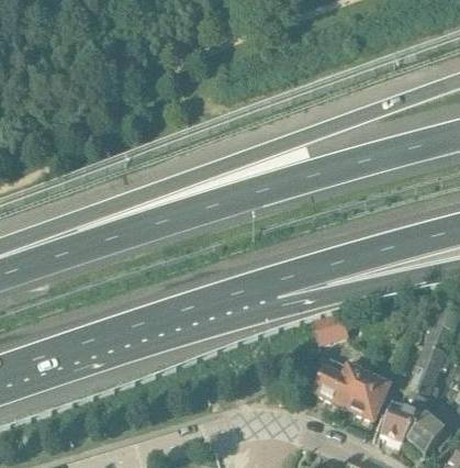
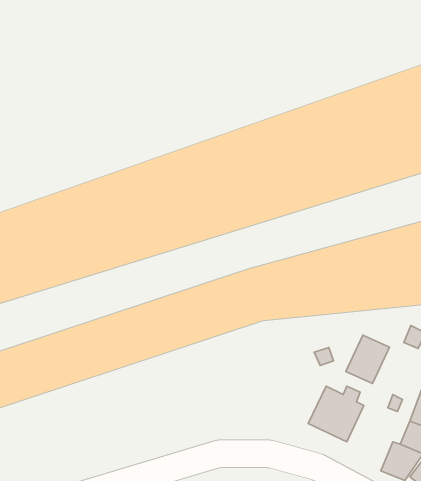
building: [348,376,388,420] -> [346,335,389,383]

